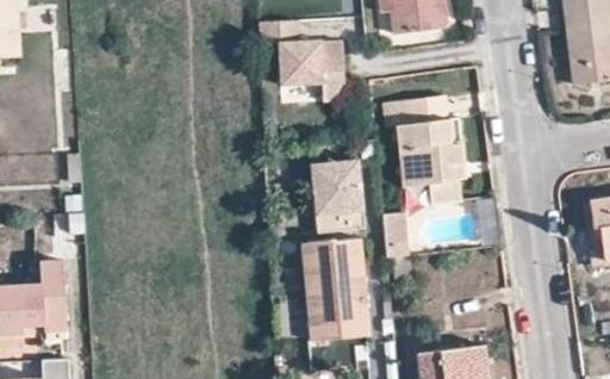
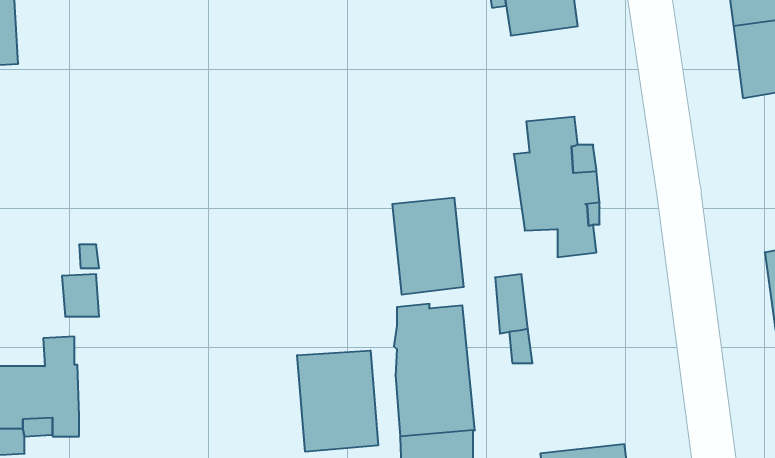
building: [261,18,350,99] -> none
building: none -> [297,350,378,452]

